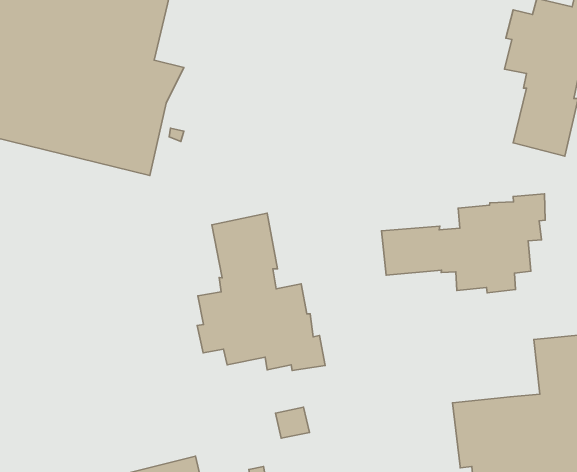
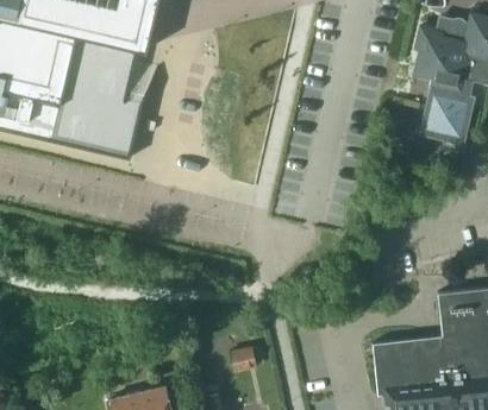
building: [382,194,545,293] -> none
building: [197,213,325,370] -> none

